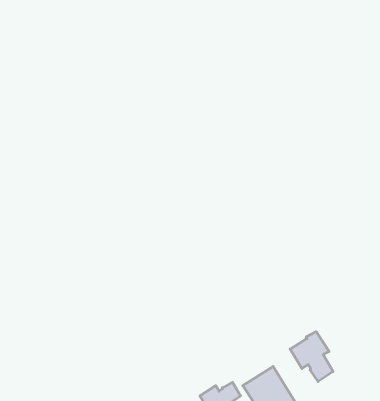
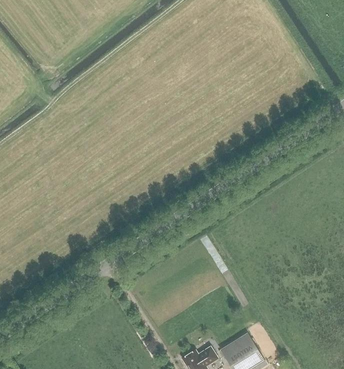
building: [290,332,333,382] -> none

